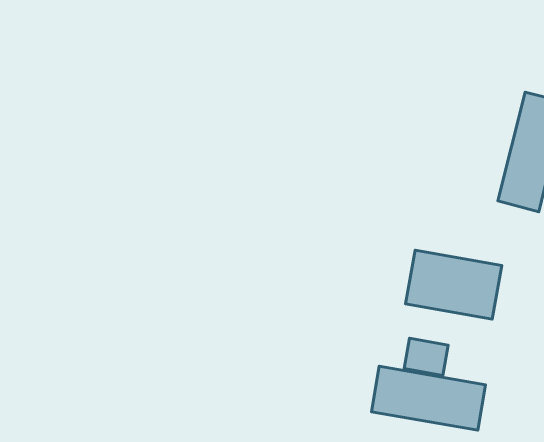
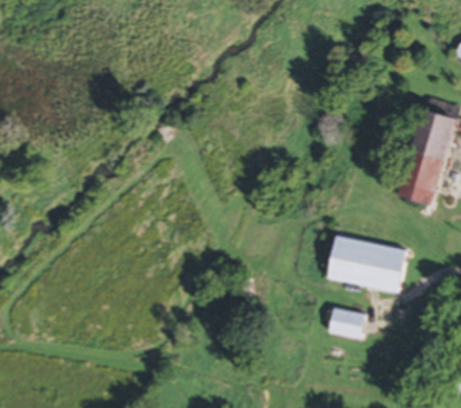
building: [371,366,485,430] -> none

